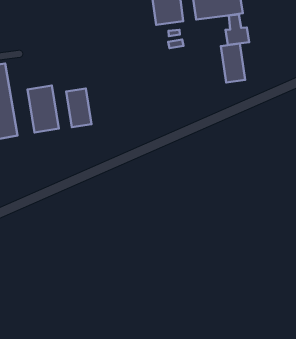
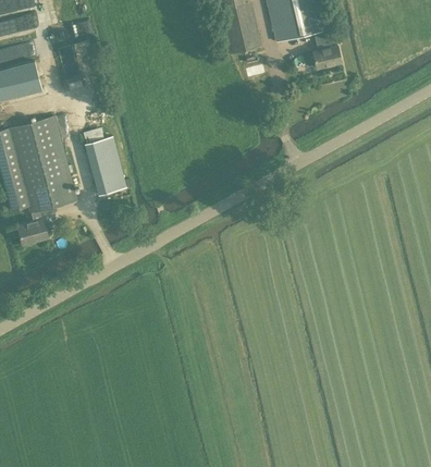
building: [221,43,245,83] -> none
building: [66,89,91,127] -> none

